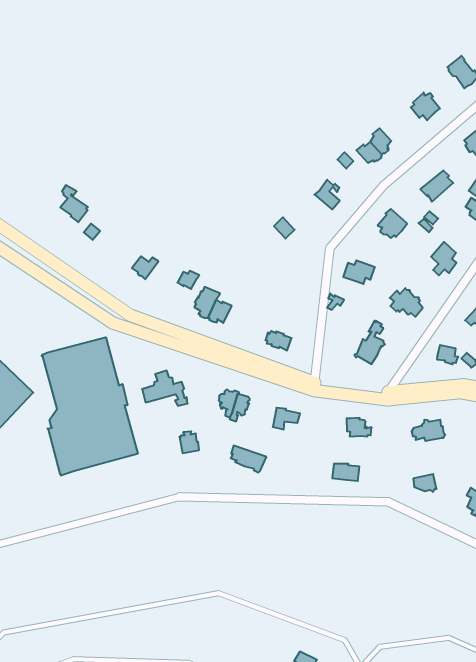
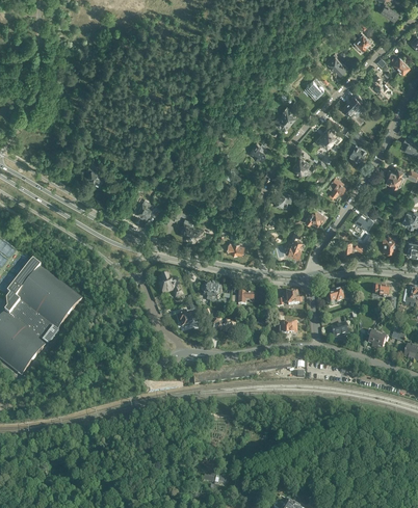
building: [42,337,138,476] -> none

